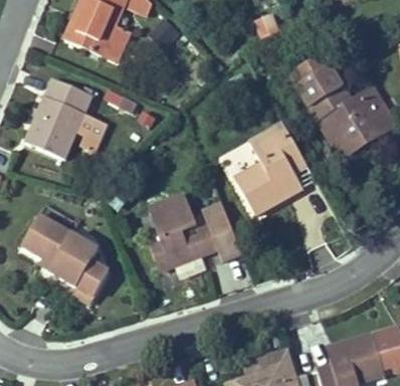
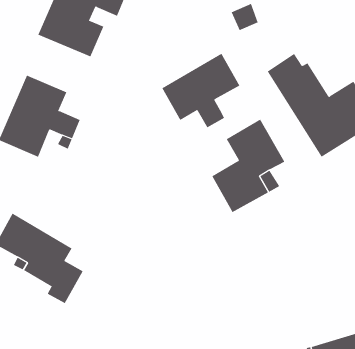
building: none -> [161,53,240,128]
building: [147,193,241,267] -> none

